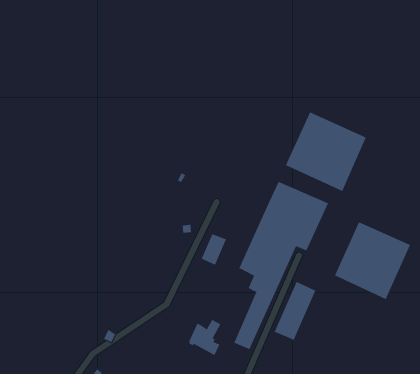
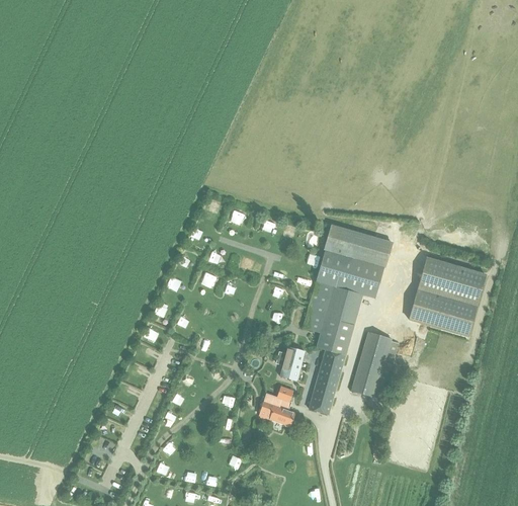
building: [285,111,367,192] -> none
building: [201,233,227,265] -> [279,345,305,380]

